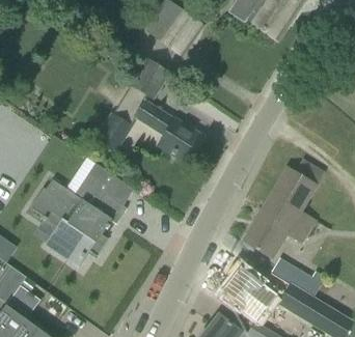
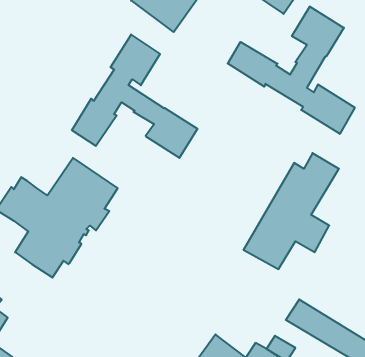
building: none -> [228,6,355,134]
building: [271,257,324,297] -> none
building: [221,270,274,309] -> none

